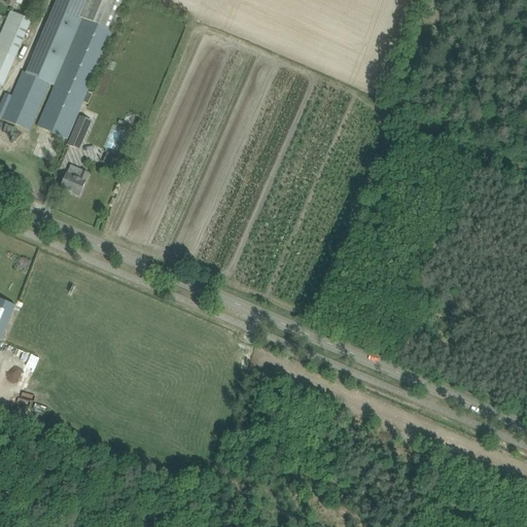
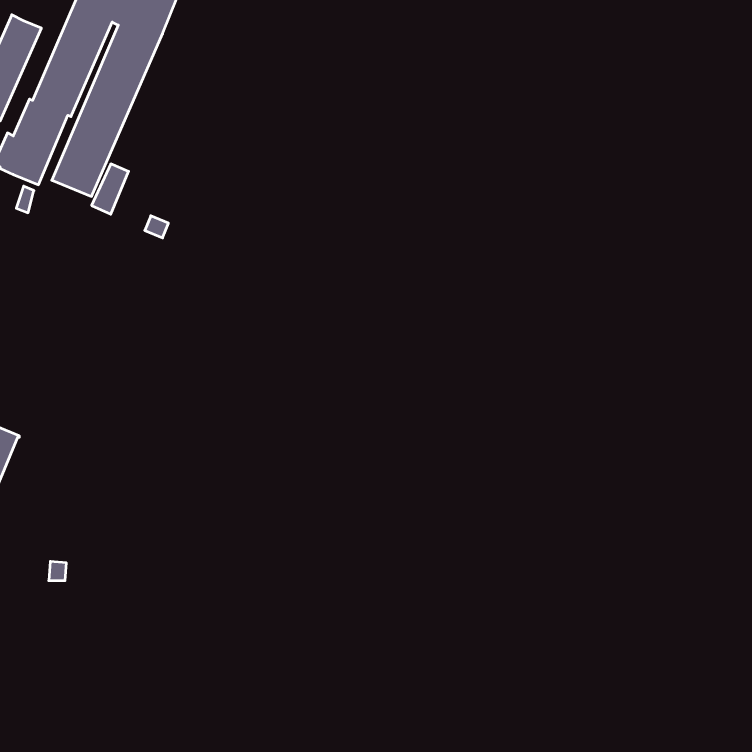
building: [59,164,86,194] -> none

